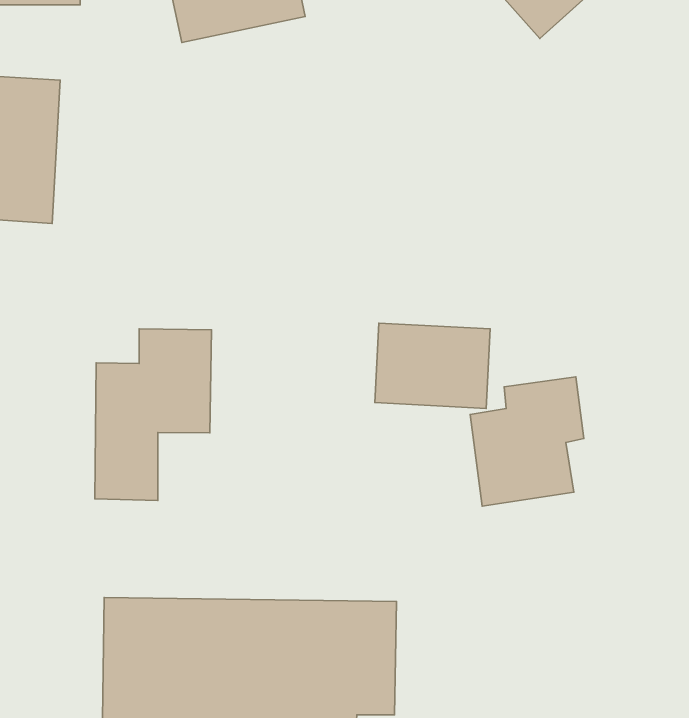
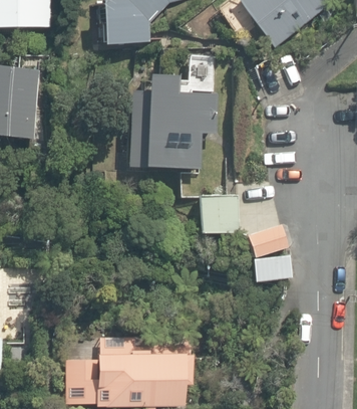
building: none -> [127,62,218,168]
building: [95,329,211,500] -> none

